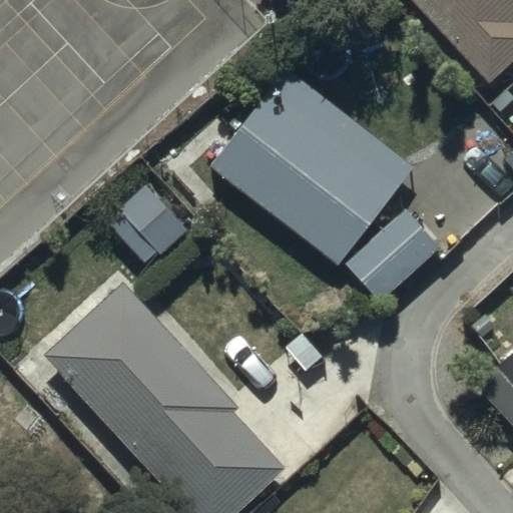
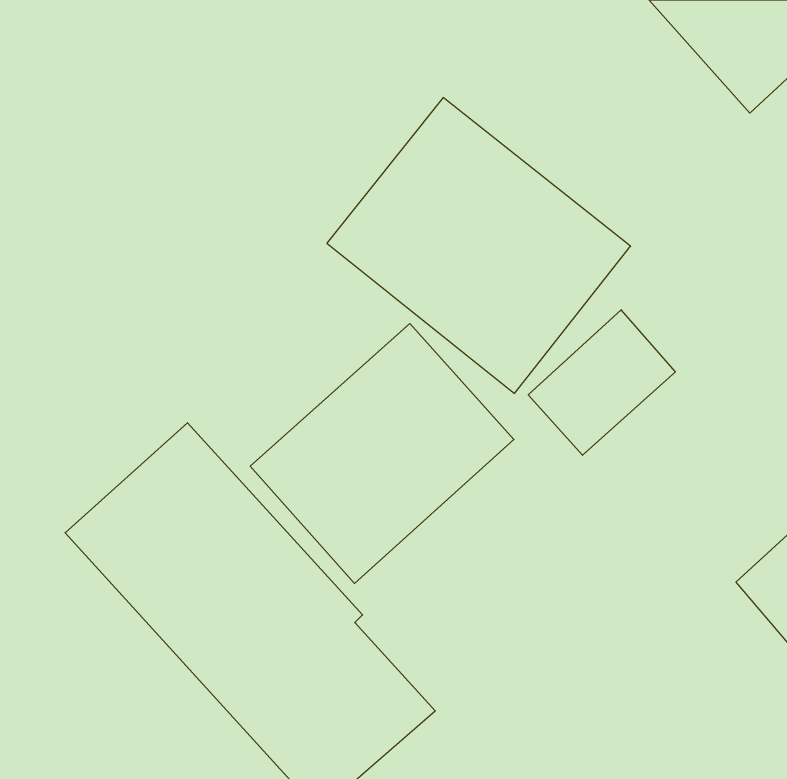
building: none -> [250,324,514,583]

